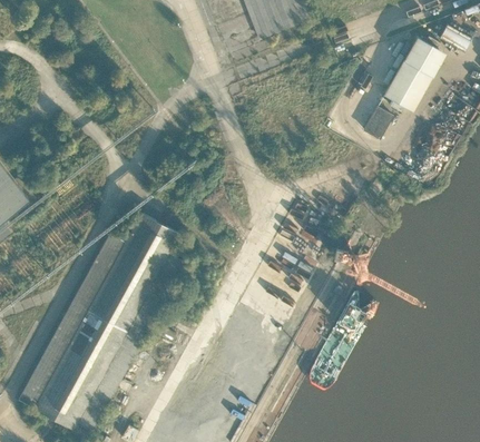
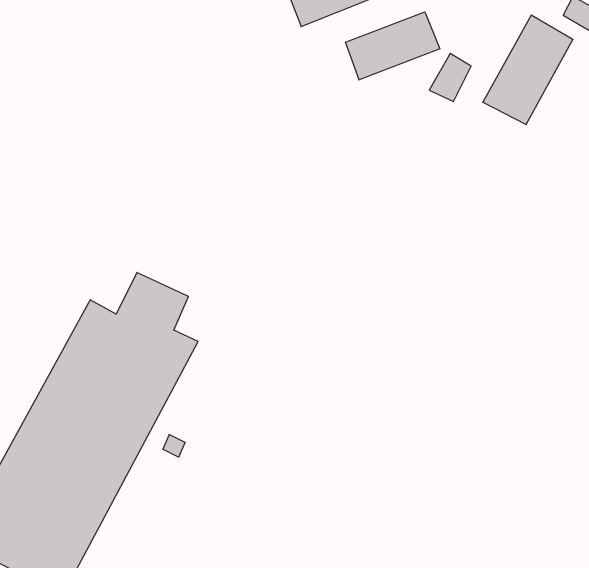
building: none -> [346,12,440,80]
building: [363,105,392,138] -> [429,53,471,102]

